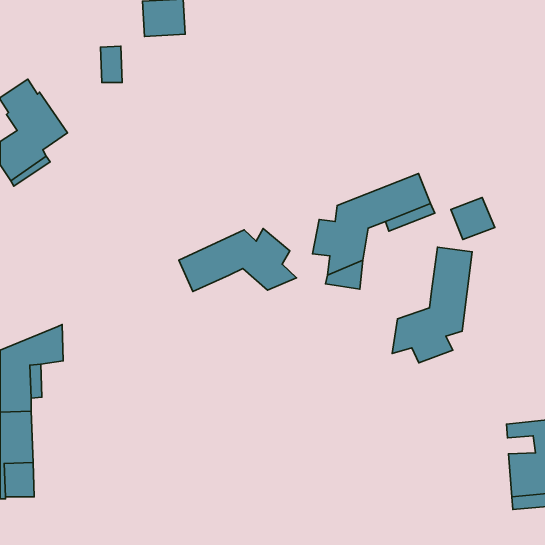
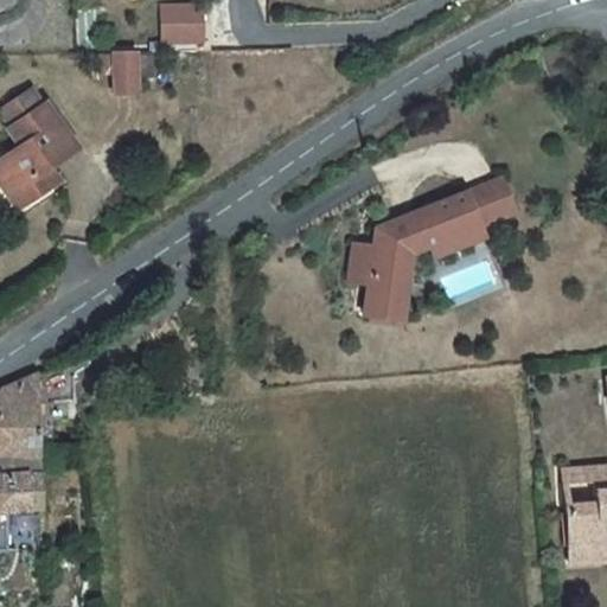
building: [451,198,495,239] -> [466,179,515,225]
building: [179,228,296,292] -> none
building: [392,247,472,363] -> none

